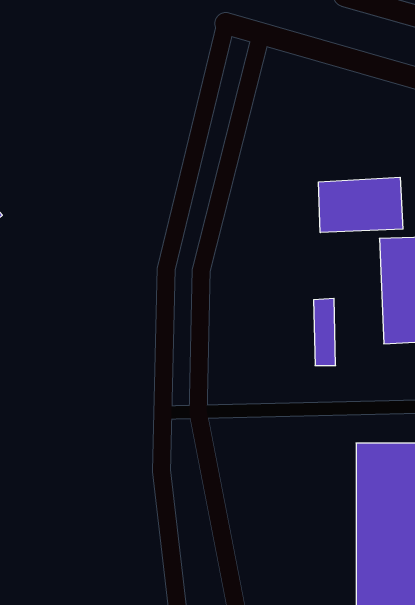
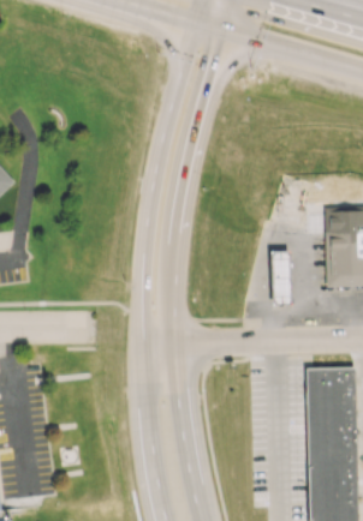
building: [319,177,403,233] -> none

